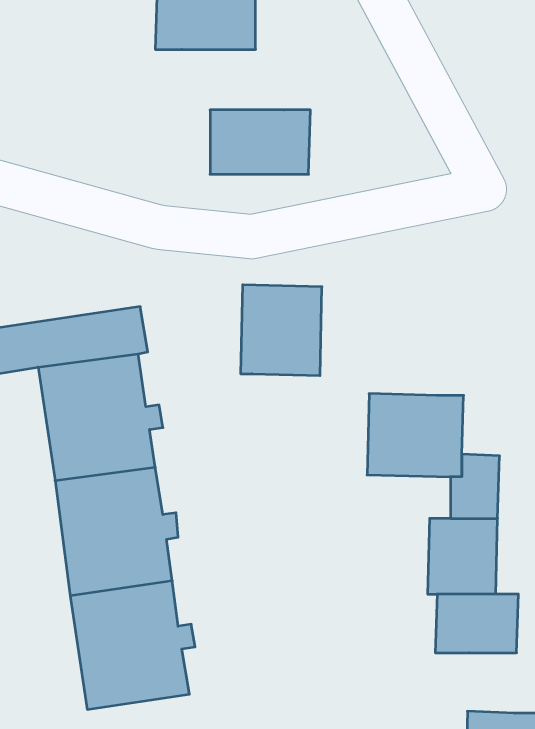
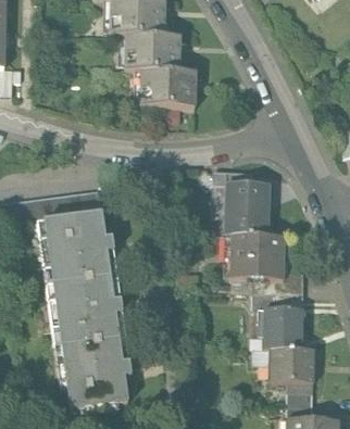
building: none -> [122,36,180,71]
building: [241,285,322,376] -> [223,182,270,235]
building: none -> [286,382,314,417]

